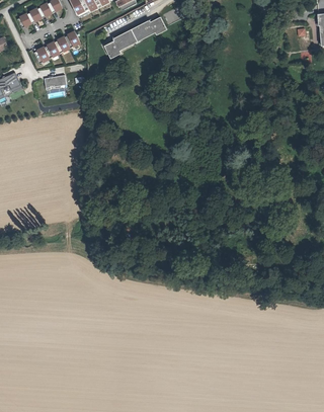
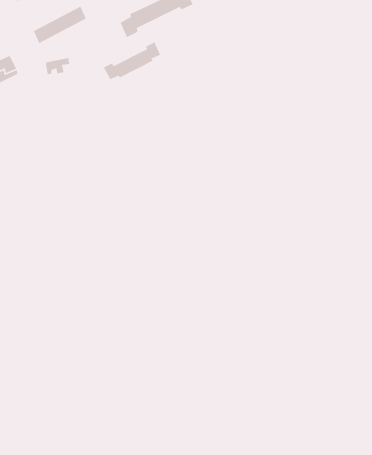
building: none -> [103,41,161,80]

